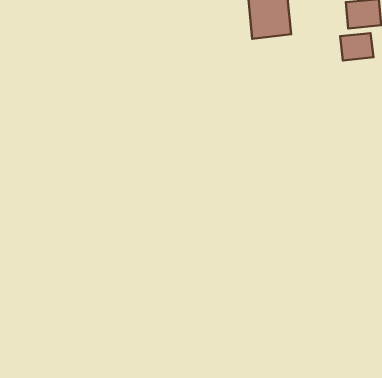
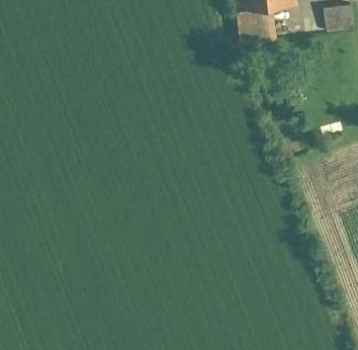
building: [340,33,373,60] -> none

